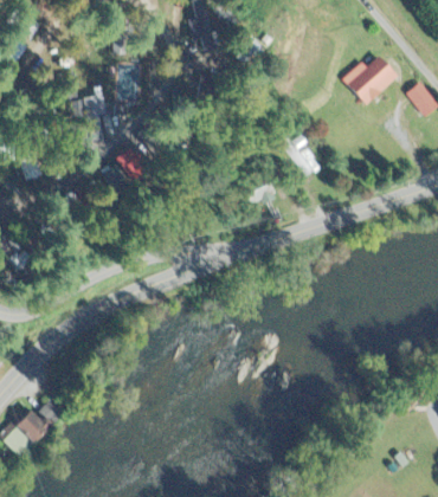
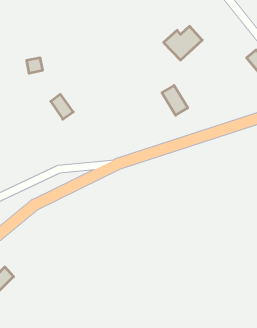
building: [342,54,399,104] -> [164,26,202,60]

